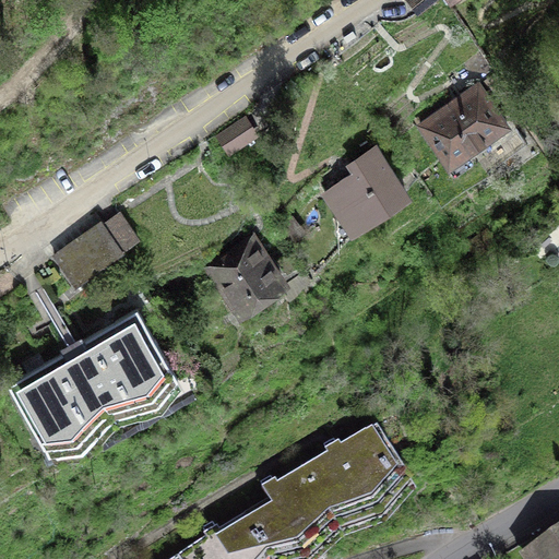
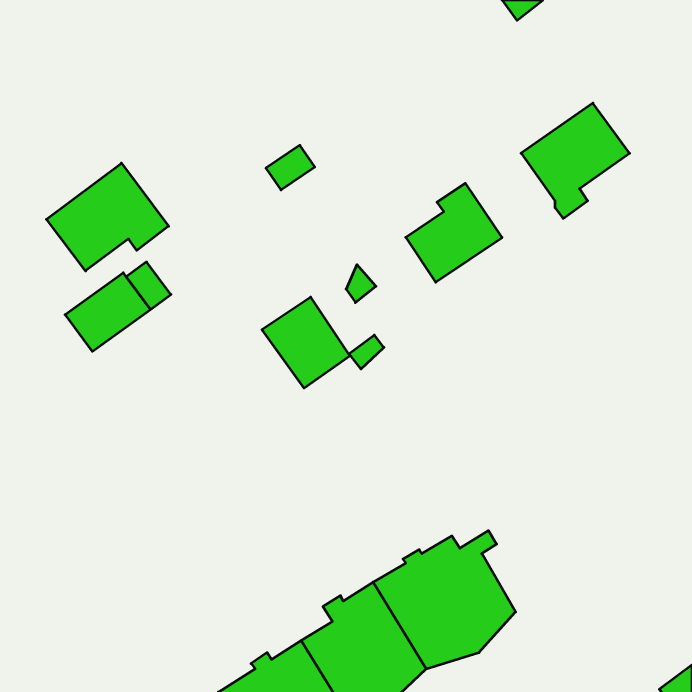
building: none -> [46,163,169,271]
building: [8,310,176,451] -> none

